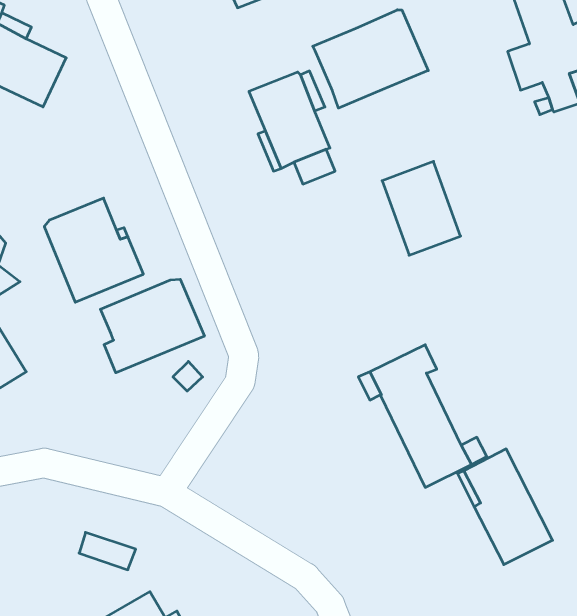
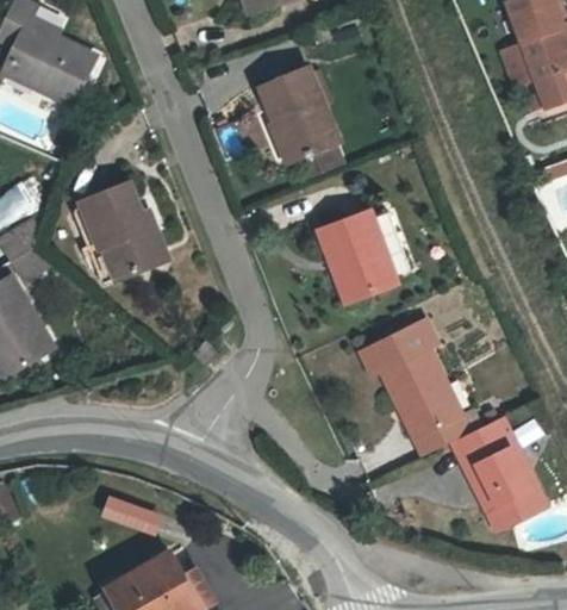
building: [313,10,428,108] -> none
building: [382,161,461,255] -> [320,212,393,299]
building: [100,279,204,373] -> none

